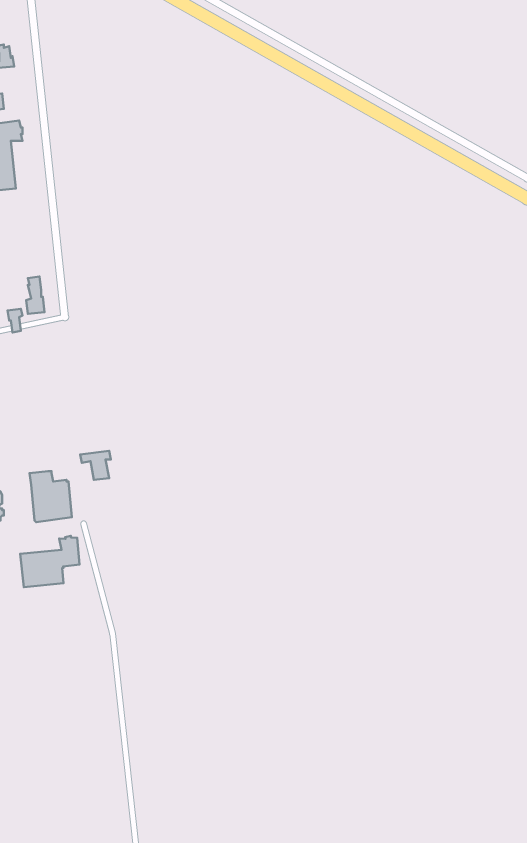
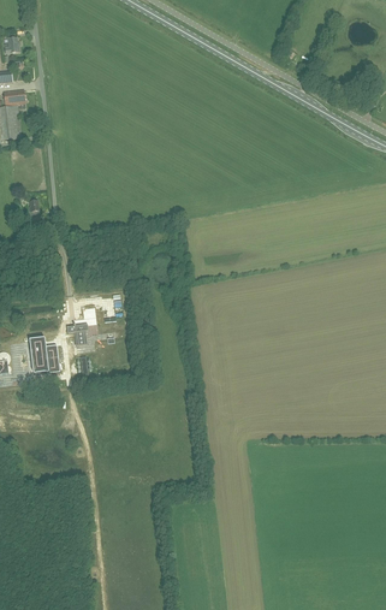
building: [20,536,79,587] -> none

